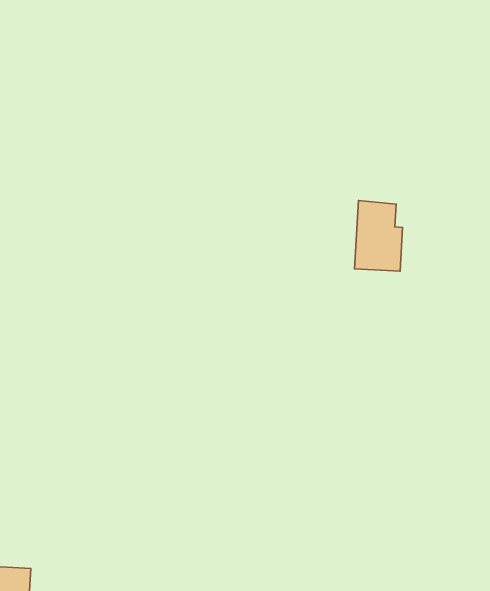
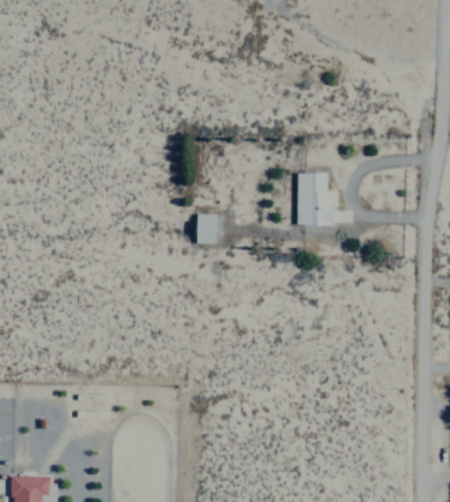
building: none -> [197,213,217,243]

